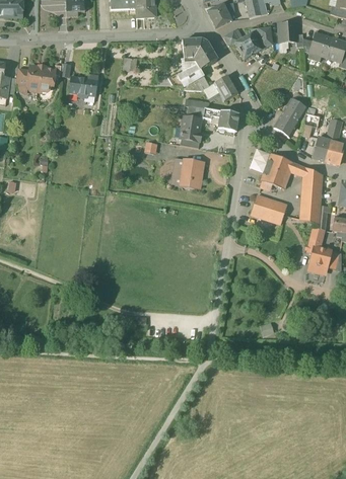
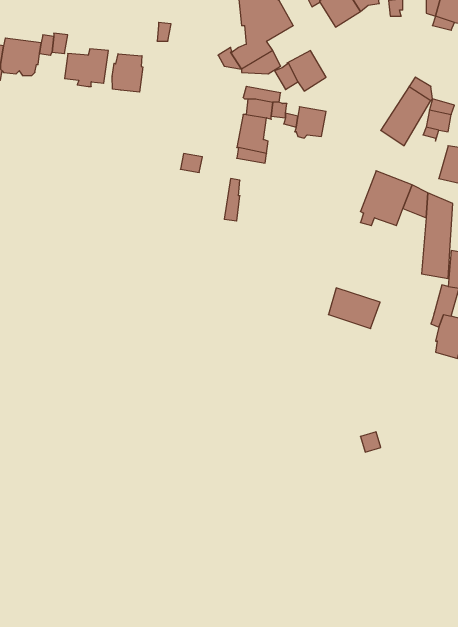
building: none -> [112,54,143,92]
building: [181,159,203,187] -> none
building: [253,196,286,223] -> [328,288,380,329]

